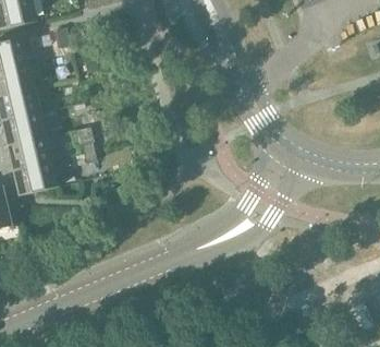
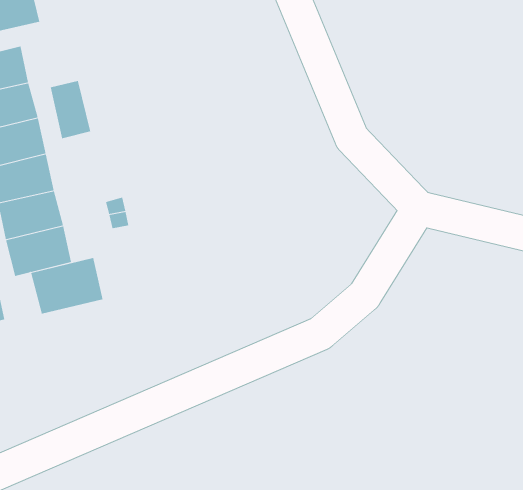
building: none -> [50,80,91,139]
building: none -> [30,257,103,314]

